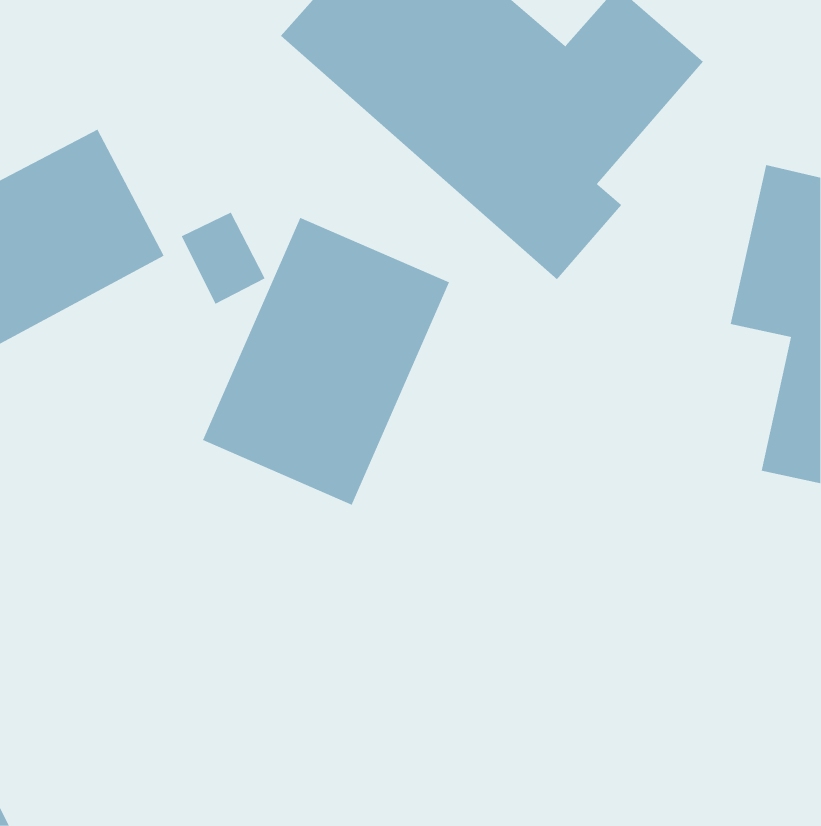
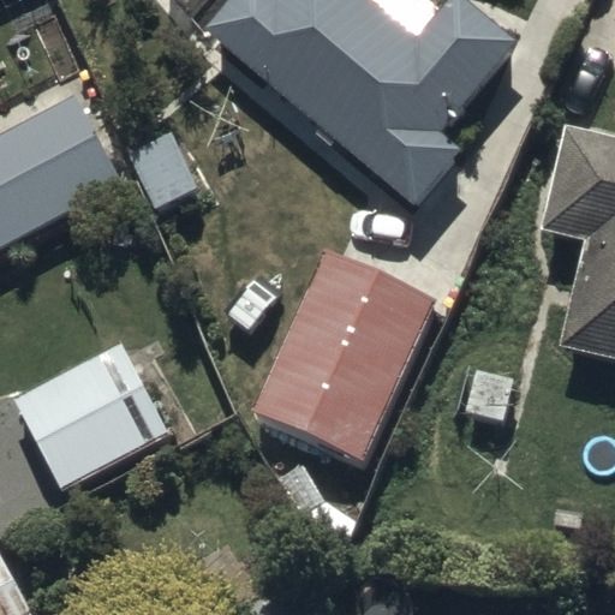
building: [202,217,450,505] -> [255,249,437,461]
building: none -> [13,341,167,490]

